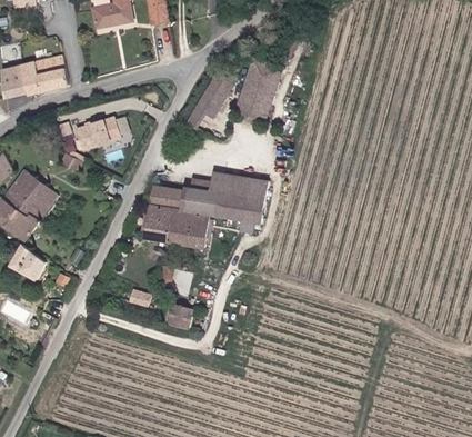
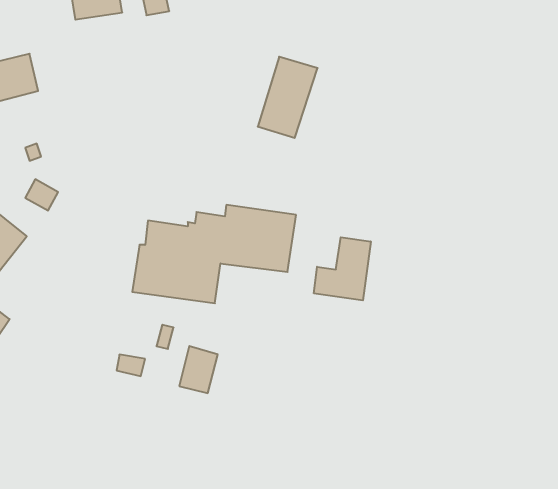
building: [189,71,237,129] -> none
building: [77,117,119,148] -> none
building: none -> [314,237,371,300]

